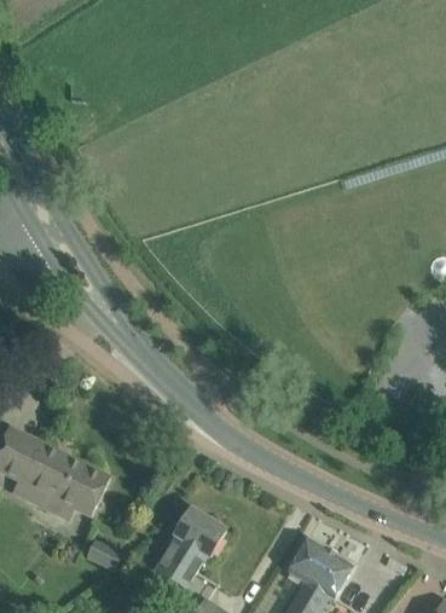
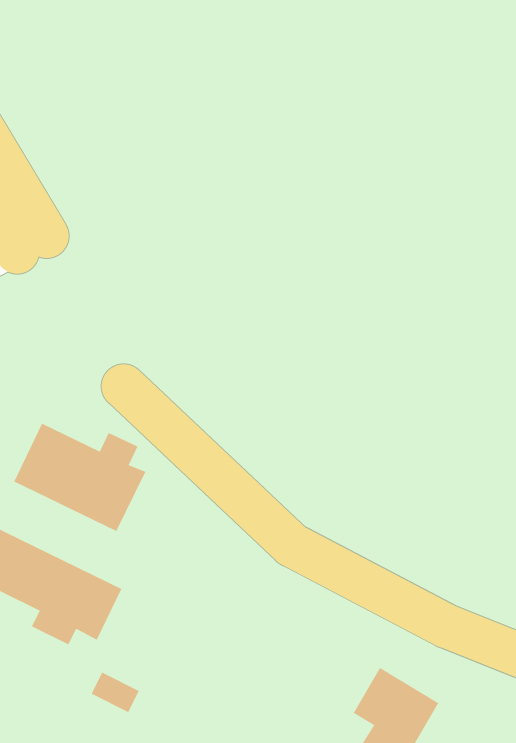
building: none -> [14,423,146,532]
building: [156,509,225,589] -> none

